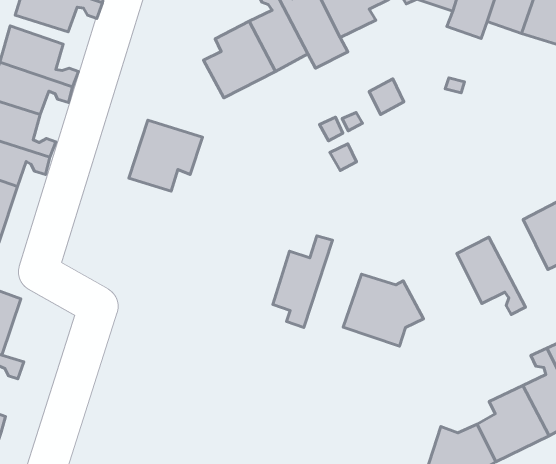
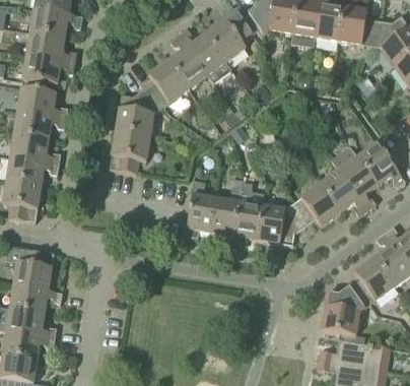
building: none -> [116,88,160,136]
building: none -> [330,145,378,209]
building: none -> [186,180,216,238]
building: none -> [232,182,264,245]
building: none -> [289,183,340,227]

